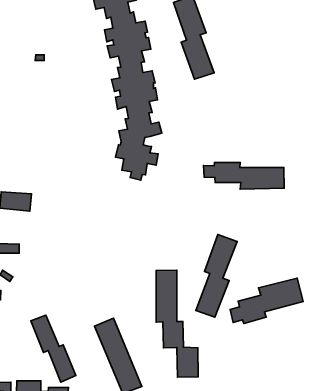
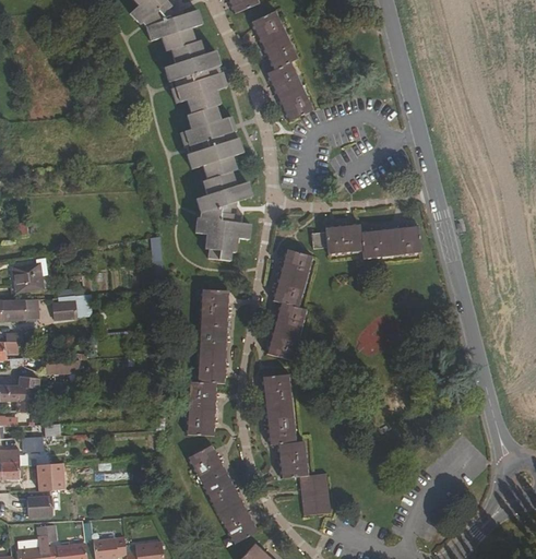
building: none -> [187,290,228,436]
building: [196,235,237,317] -> [266,251,312,360]
building: [230,278,303,323] -> none
building: [31,315,76,382] -> none

